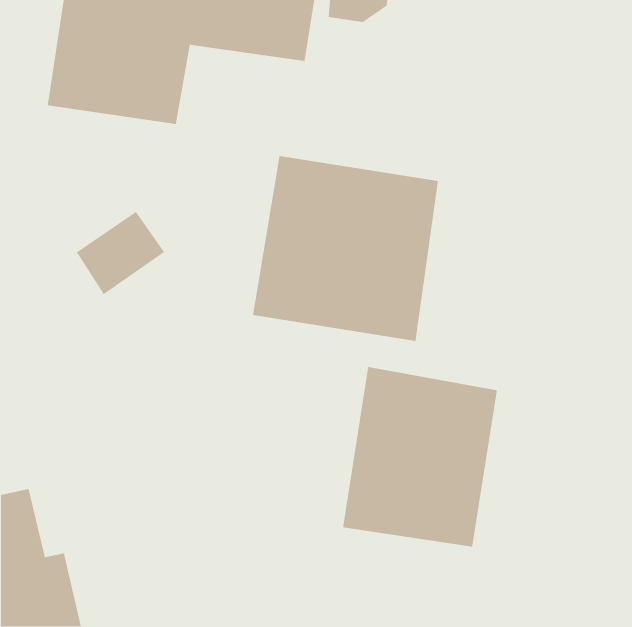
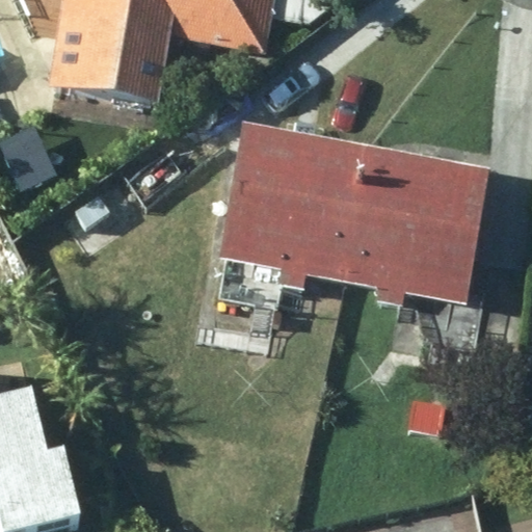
building: none -> [353,149,486,299]
building: [342,366,498,548] -> none

